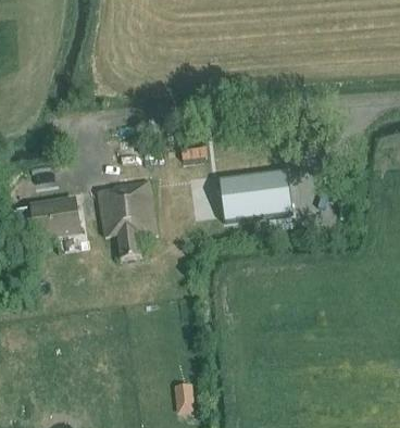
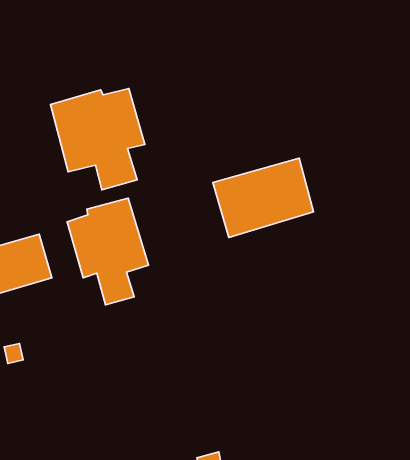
building: none -> [50,89,145,190]

